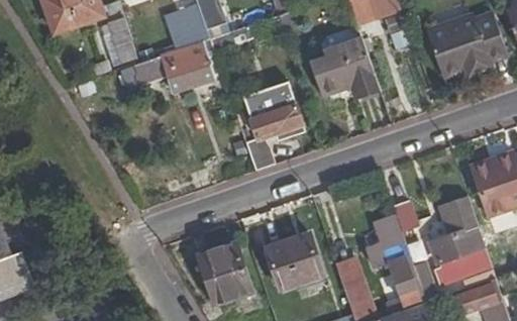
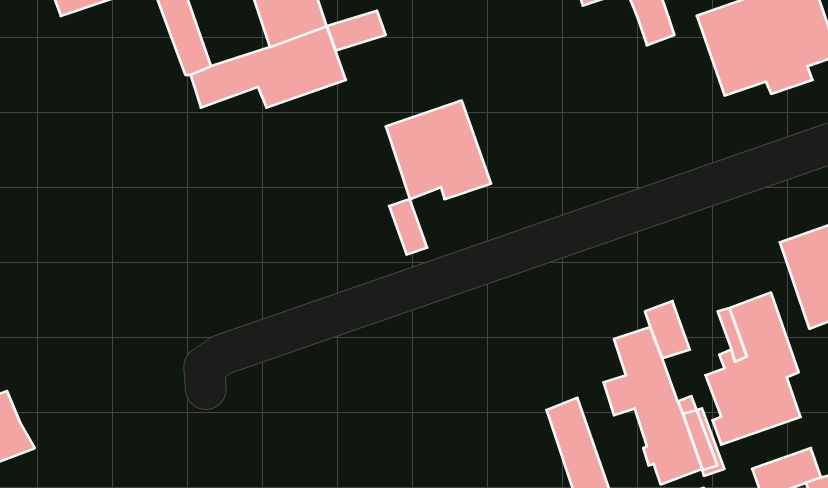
building: [309,38,381,101] -> none
building: [268,232,325,286] -> none
building: [196,242,253,302] -> none

